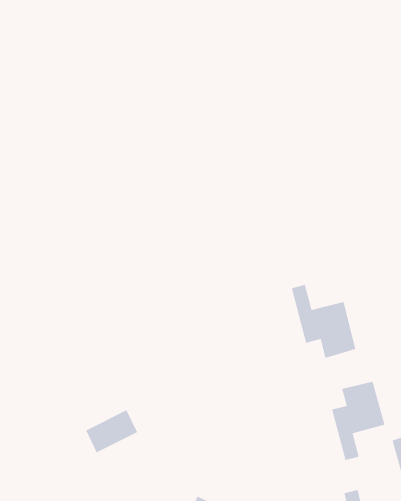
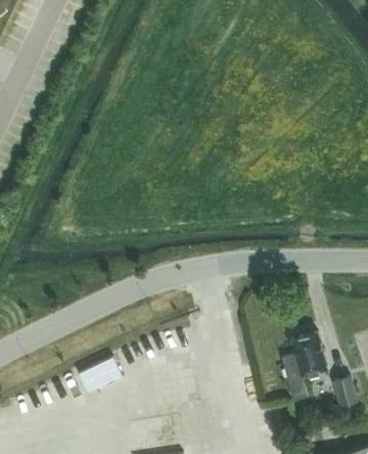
building: [291,284,356,359] -> none

